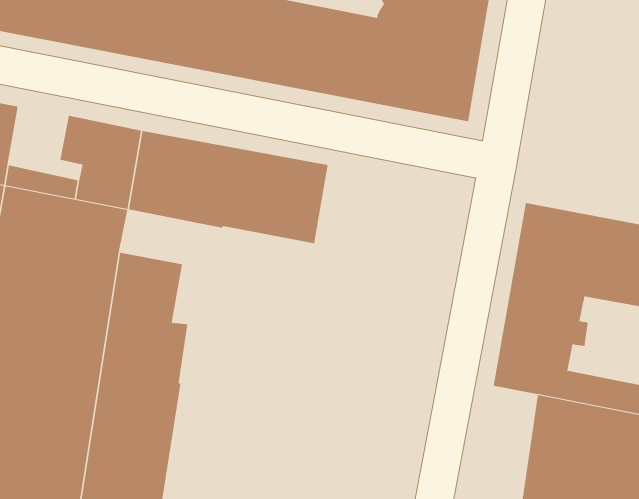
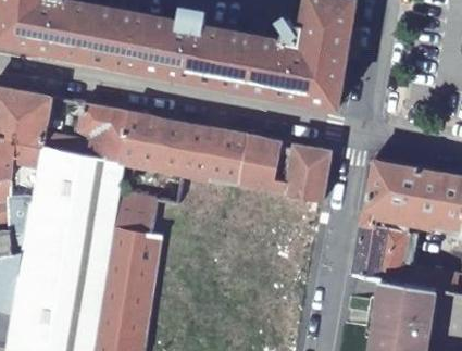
building: none -> [239,135,329,201]

